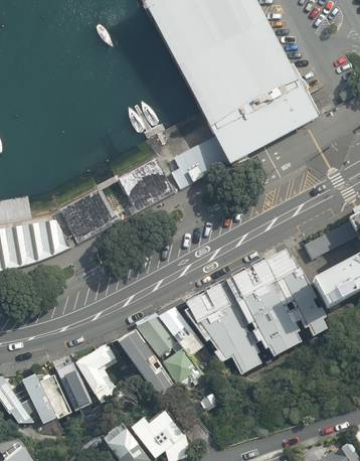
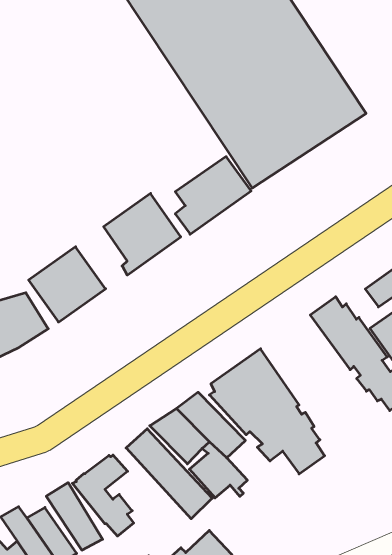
building: [222,257,299,356] -> none

